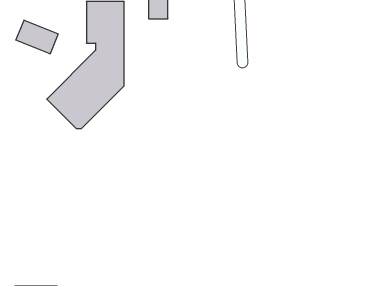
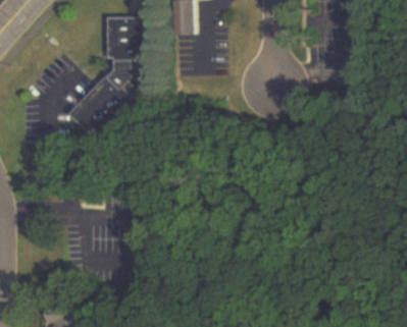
building: [16,20,58,54] -> none

